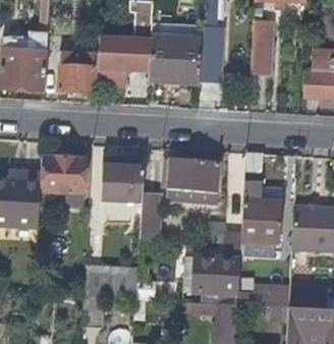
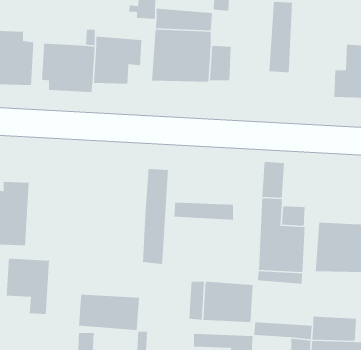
building: [43,154,81,204] -> [6,258,50,315]
building: [102,156,145,199] -> none
building: [168,158,222,189] -> none

